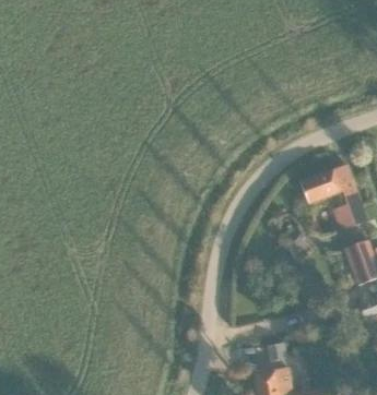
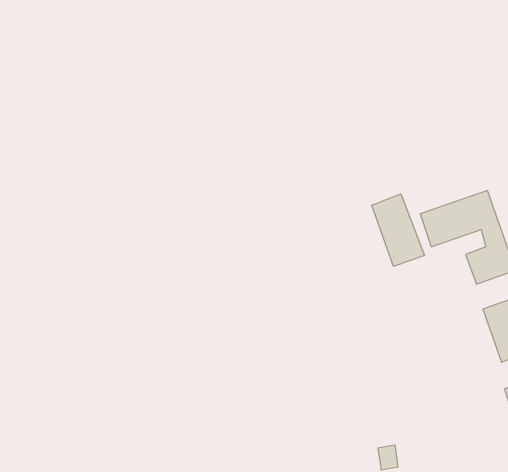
building: none -> [372,194,424,266]

